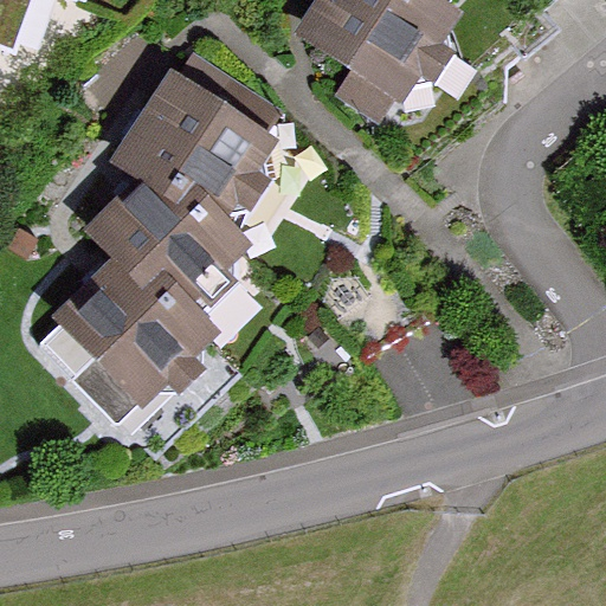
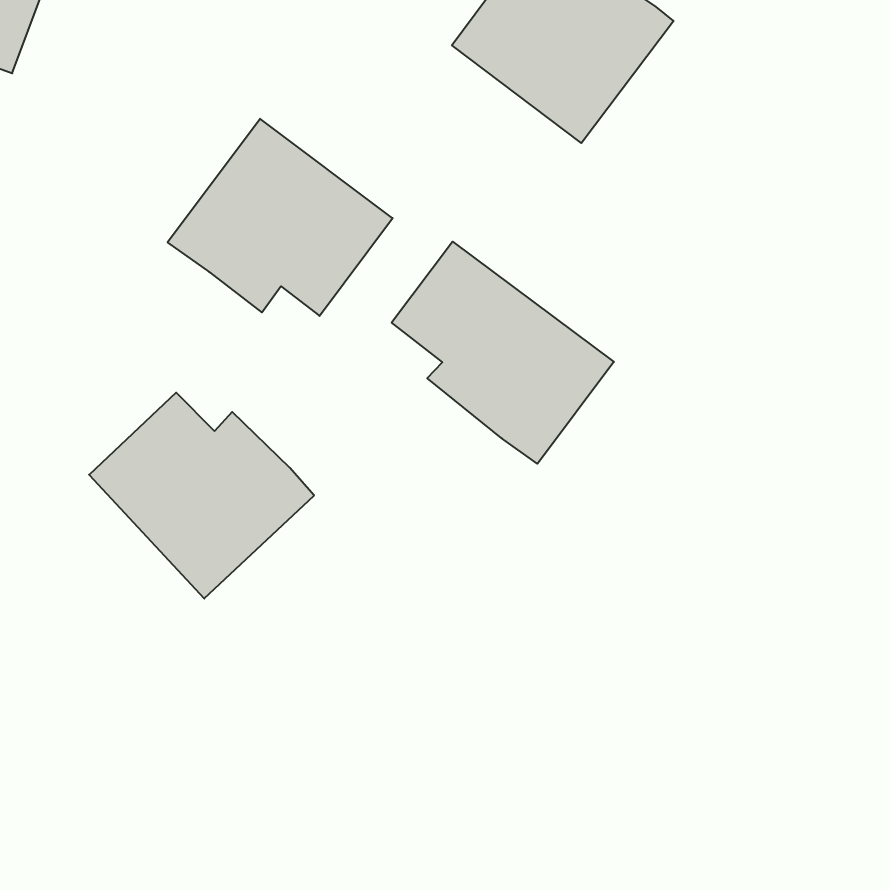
building: none -> [392,242,614,464]
building: [90,185,247,317] -> none

